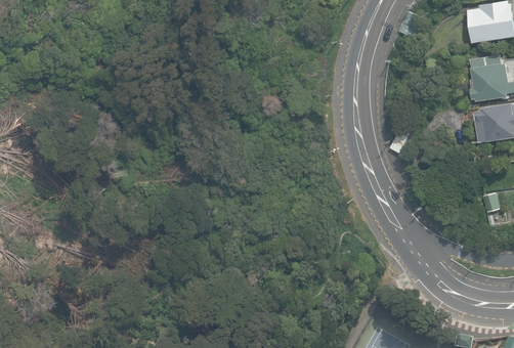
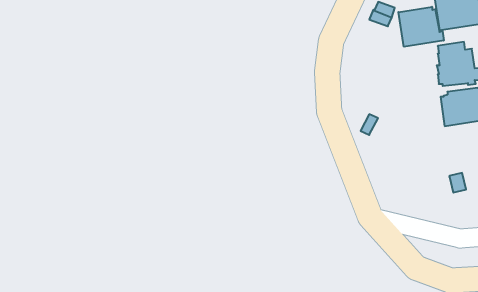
building: none -> [398,7,444,47]

